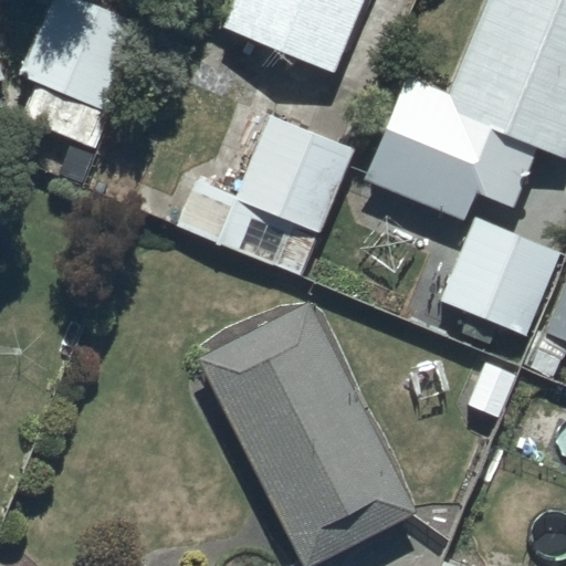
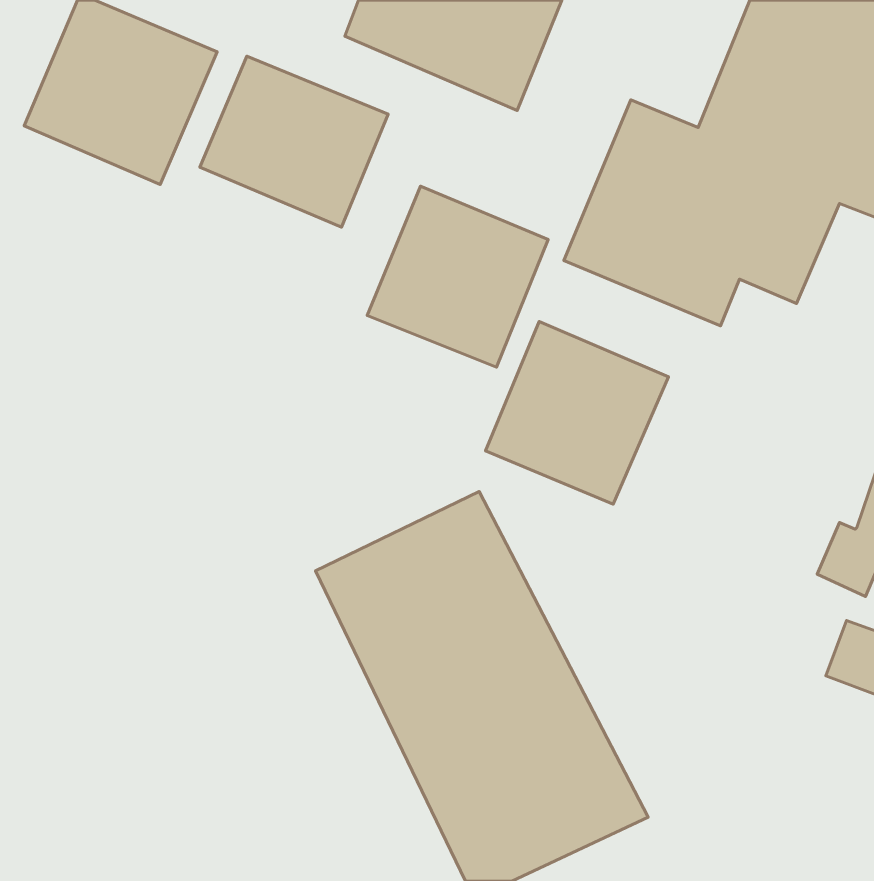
building: none -> [200,56,388,227]
building: [442,214,559,332] -> [486,322,668,504]

